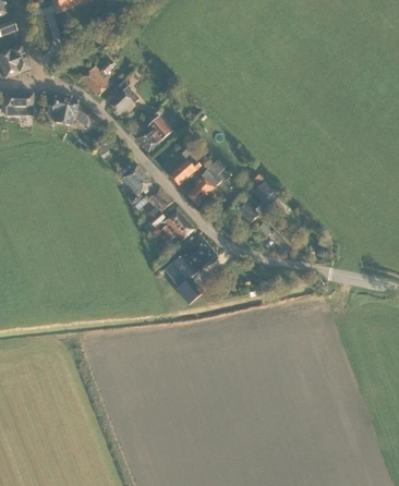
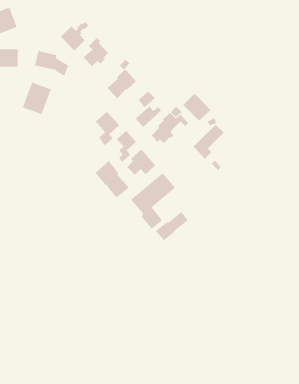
building: none -> [22,82,51,115]
building: none -> [182,93,211,122]
building: none -> [95,160,129,199]
building: none -> [155,211,189,241]

